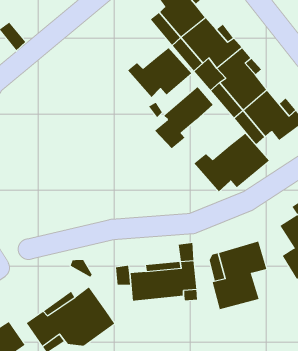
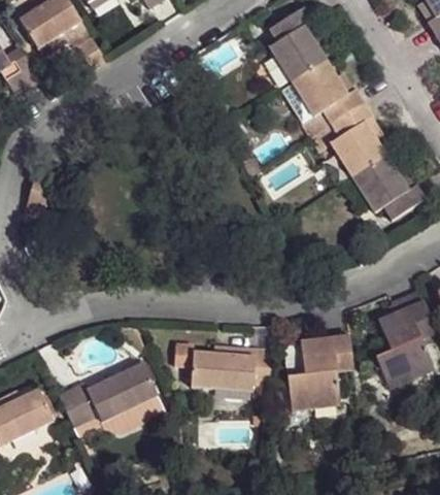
building: [127,47,192,98] -> none
building: [154,86,213,149] -> none
building: [194,133,270,192] -> none

